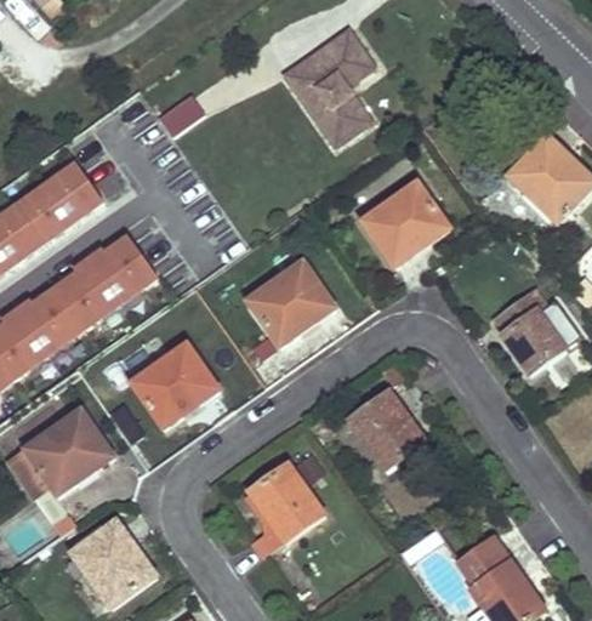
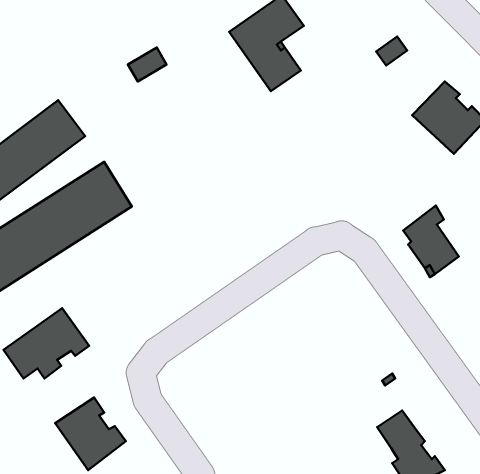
building: [360,181,446,264] -> none
building: [247,261,332,343] -> none
building: [130,343,216,427] -> none
building: [351,388,426,467] -> none
building: [249,461,323,539] -> none

